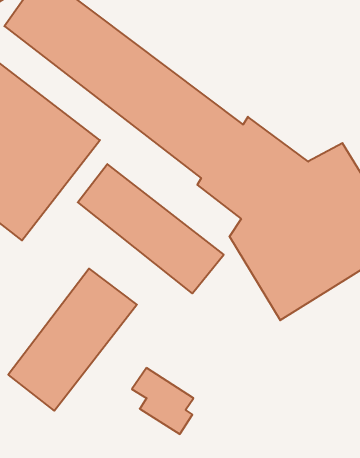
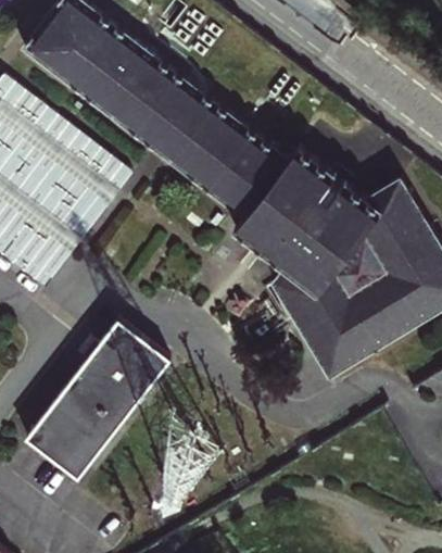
building: [78,164,224,293] -> none

